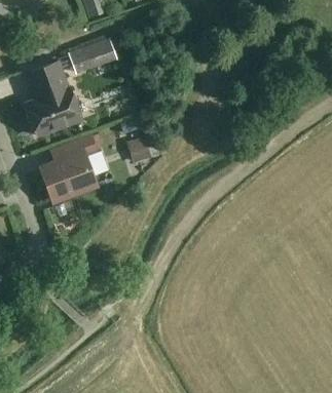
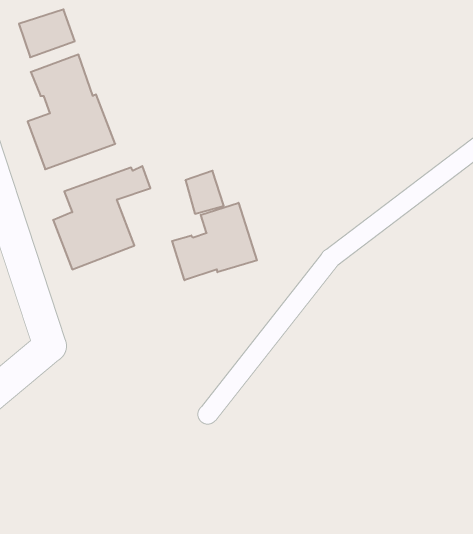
building: [80,38,116,69] -> [19,9,75,57]
building: none -> [172,203,257,280]

